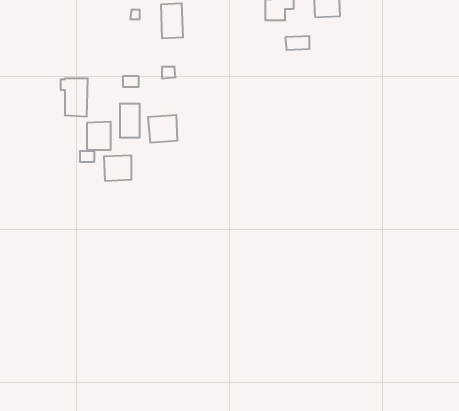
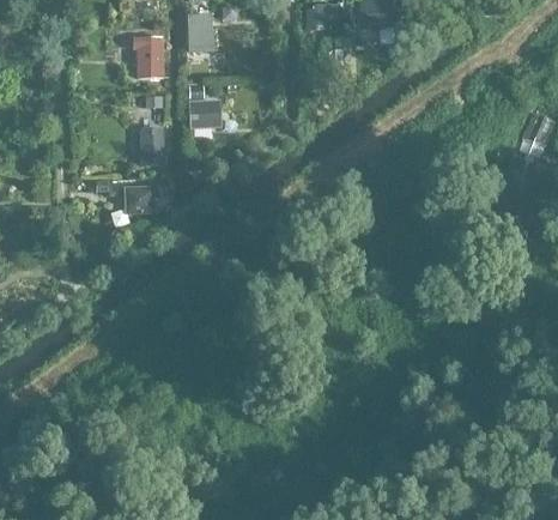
building: [61,78,88,116] -> [132,35,163,78]
building: [148,115,178,142] -> [187,97,220,128]
building: [87,122,111,150] -> none

